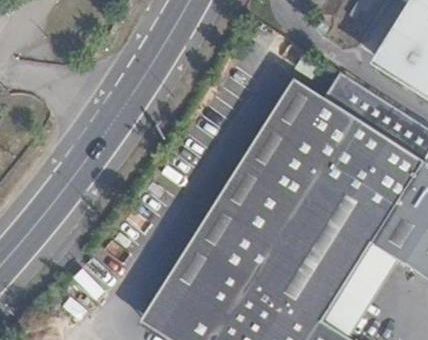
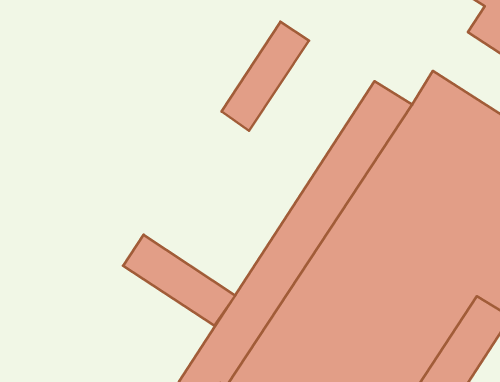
building: none -> [222,22,309,131]
building: none -> [123,235,235,325]

